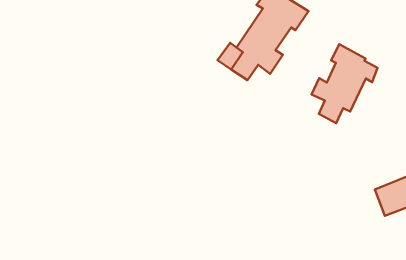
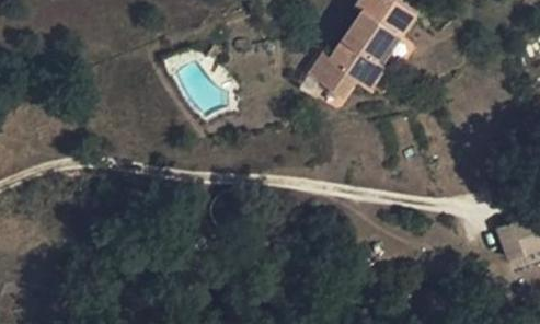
building: [311,44,378,123] -> none

